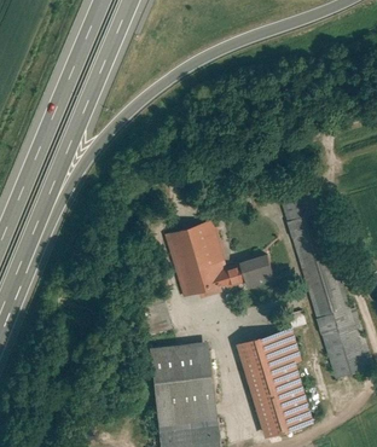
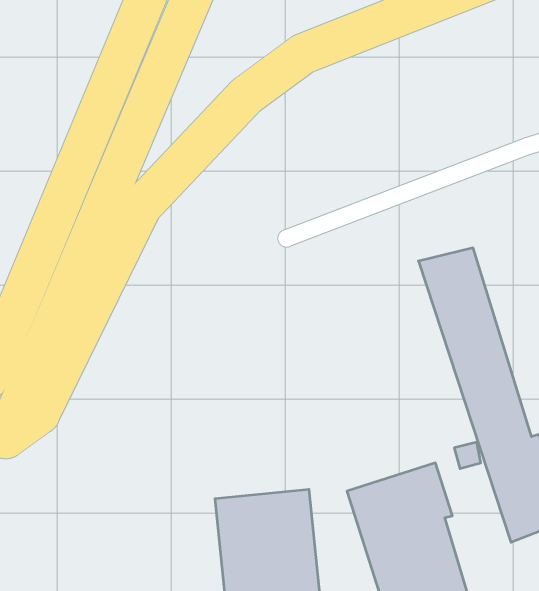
building: [162,217,278,298] -> none

